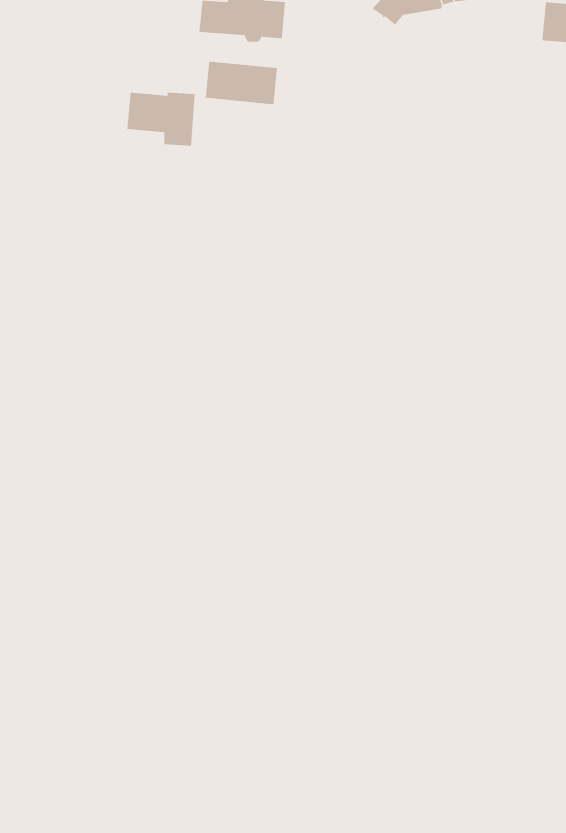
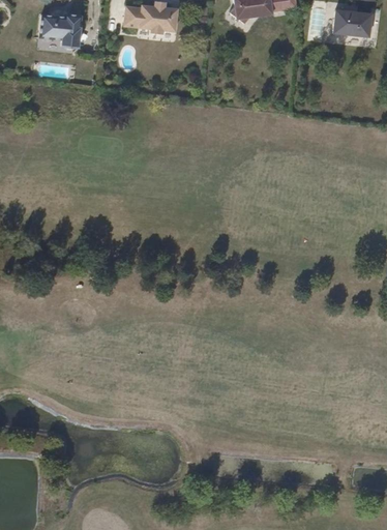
building: [205,61,278,105] -> none
building: [126,92,195,146] -> [38,16,81,49]

